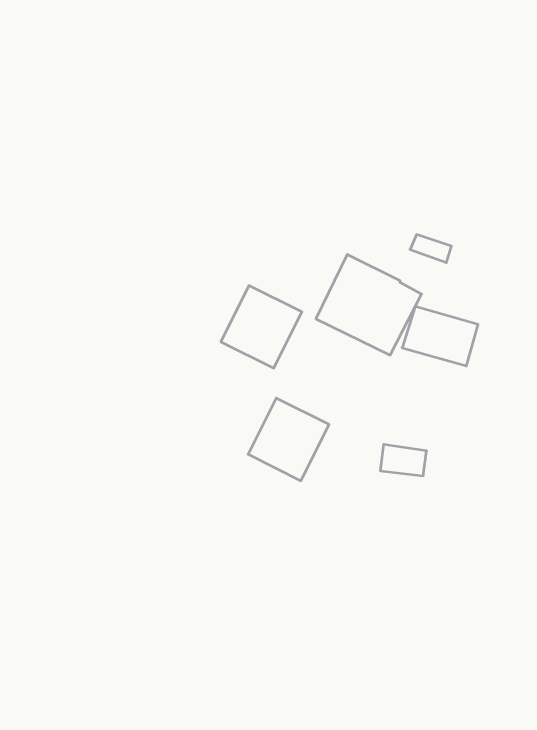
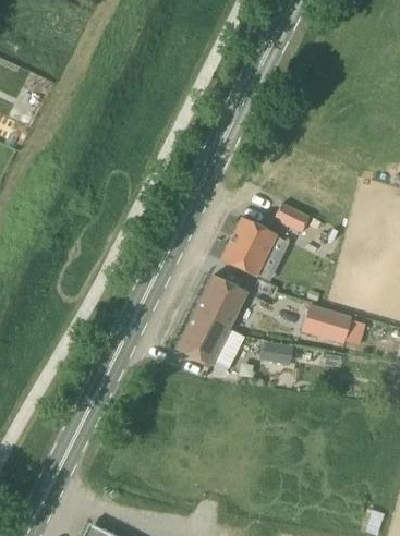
building: [221,286,302,368] -> [194,275,247,329]
building: [402,306,478,366] -> [301,304,351,343]

